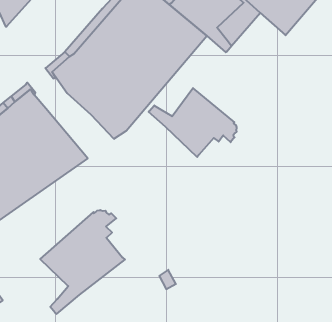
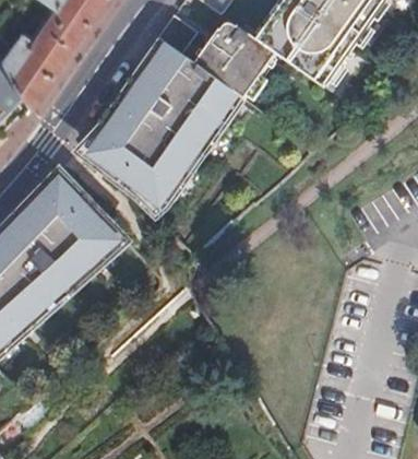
building: [149,88,237,157] -> none
building: [40,210,125,314] -> none

